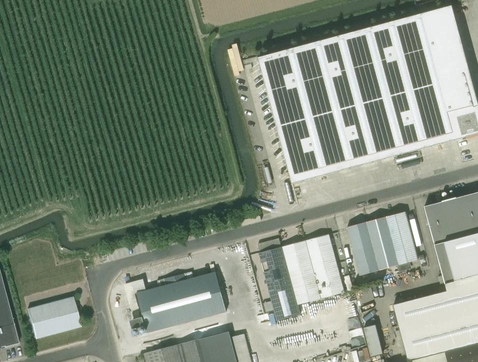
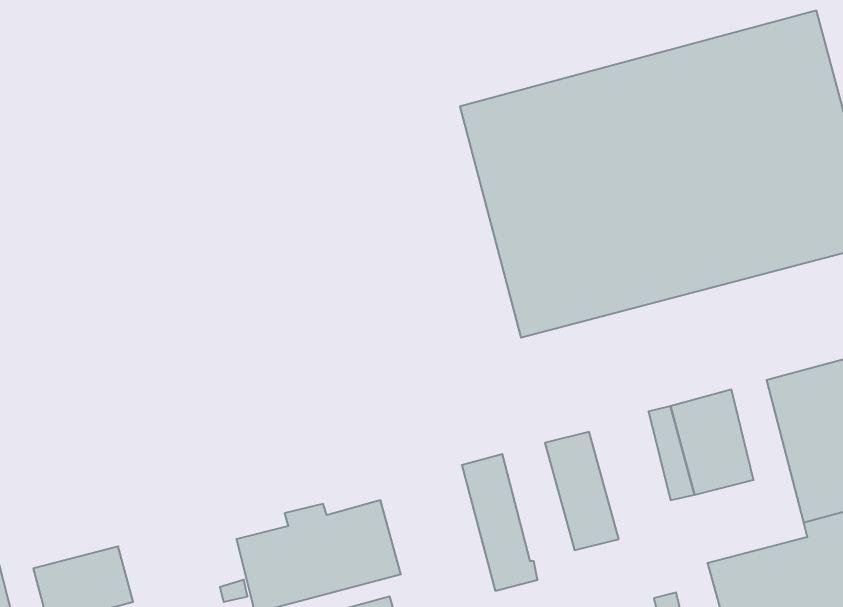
building: [346,224,372,276] -> none
building: [281,241,320,305] -> none

